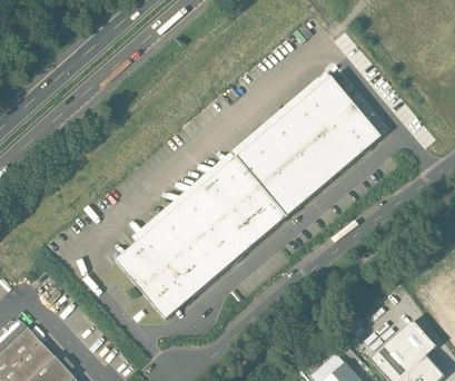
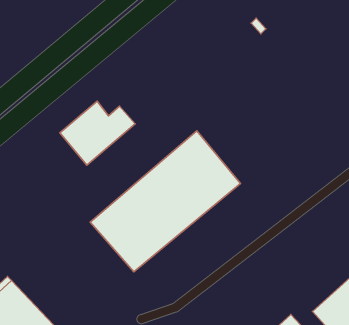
building: [237,72,383,213] -> none
building: none -> [60,101,135,165]

